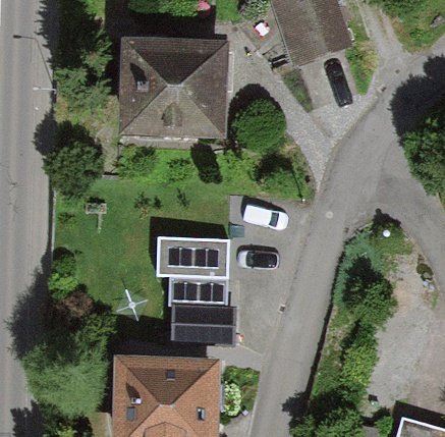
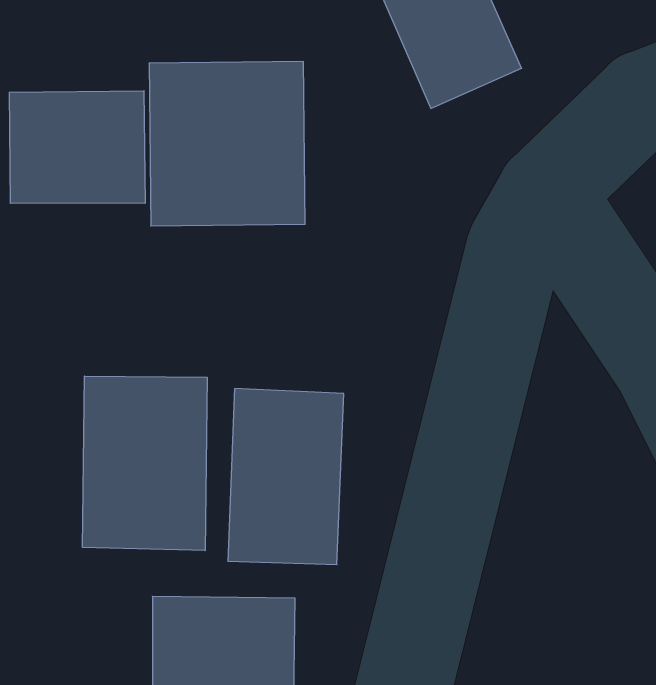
building: none -> [9,91,145,203]
building: none -> [83,376,207,551]

